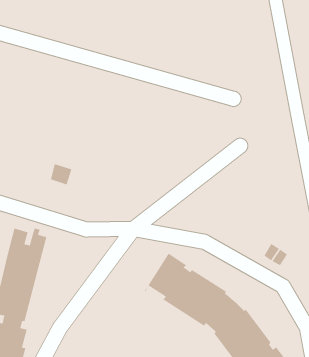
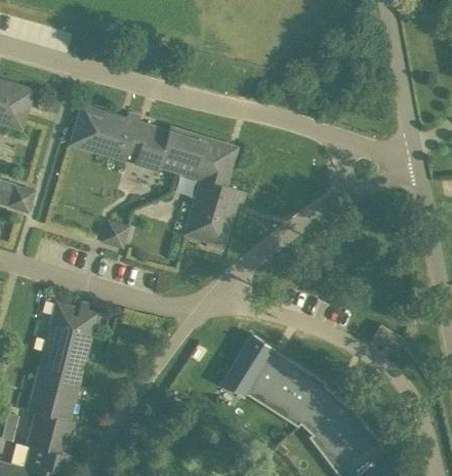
building: none -> [68,104,245,247]

